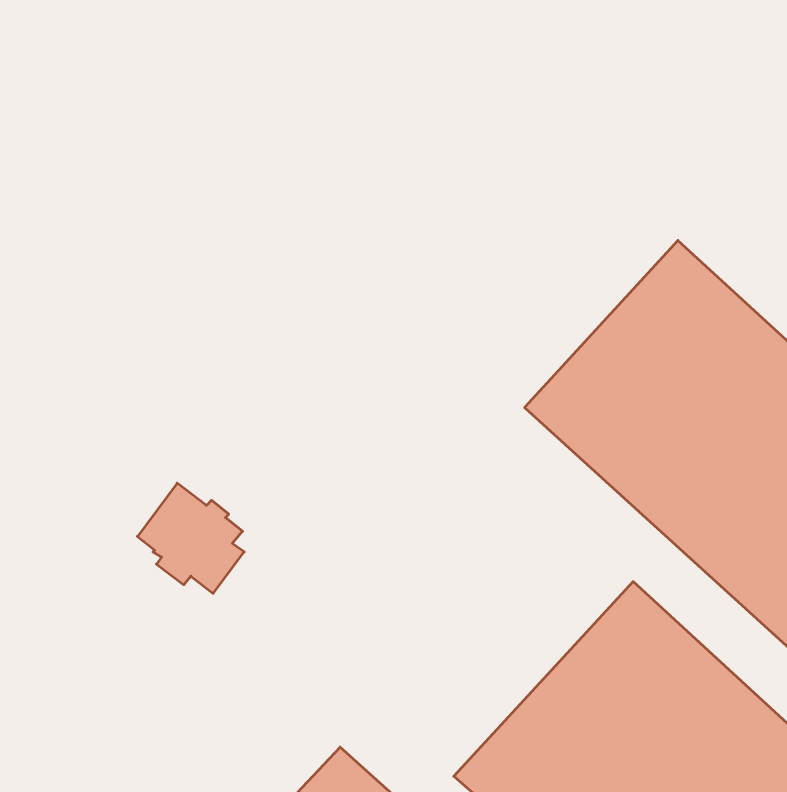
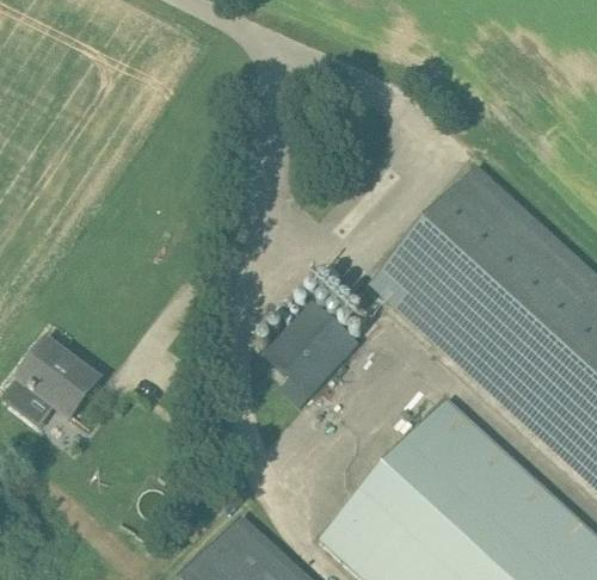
building: none -> [265,302,358,397]
building: [137,483,244,593] -> [18,343,92,419]

